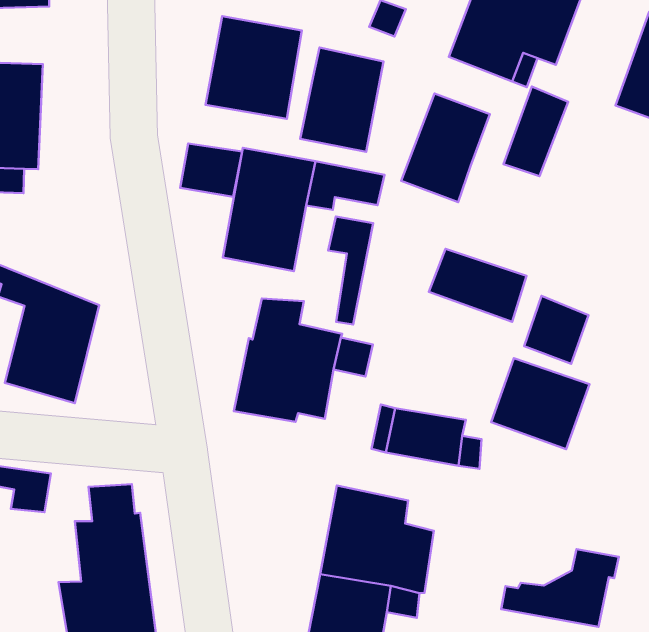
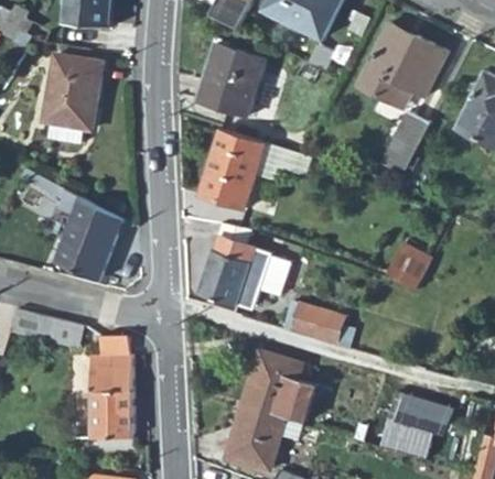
building: [300,47,383,152] -> none
building: [401,94,490,202] -> none
building: [180,144,242,197] -> none
building: [328,217,373,324] -> none
building: [429,249,526,322] -> none
building: [491,358,590,449] -> none

